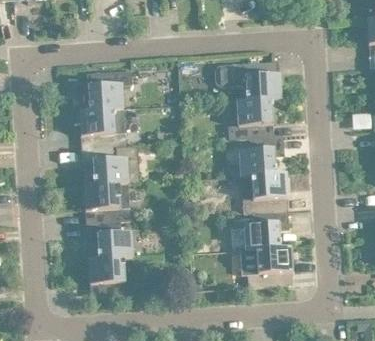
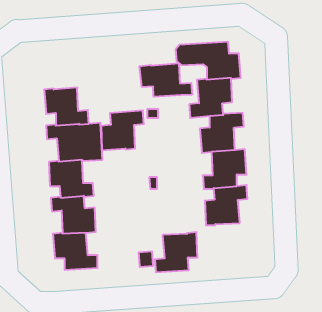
building: [87,71,131,112] -> [101,110,144,150]
building: none -> [140,63,192,97]
building: [246,247,290,288] -> [155,232,198,272]

